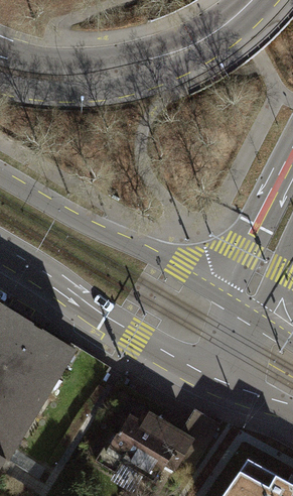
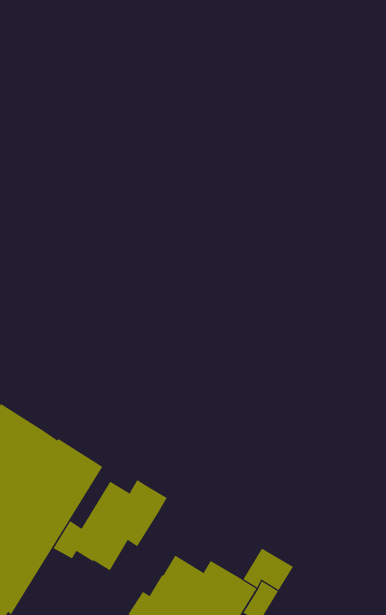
building: none -> [53,479,167,571]

